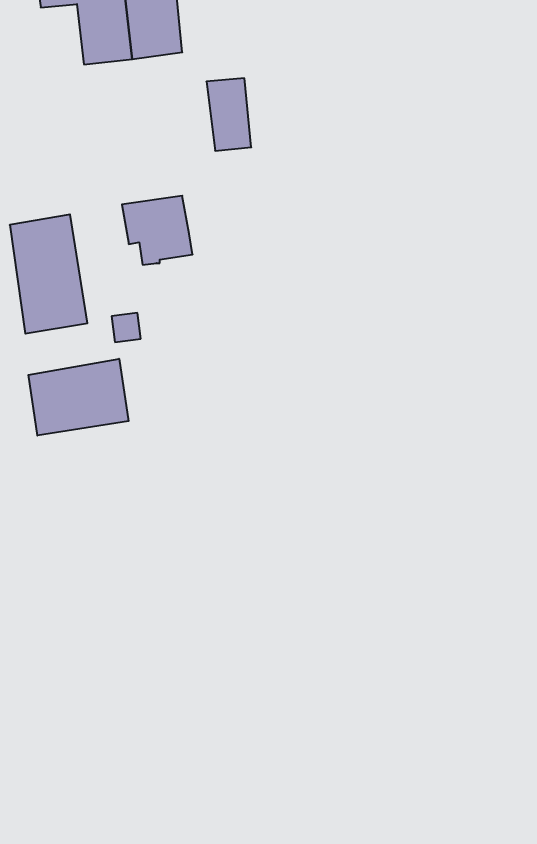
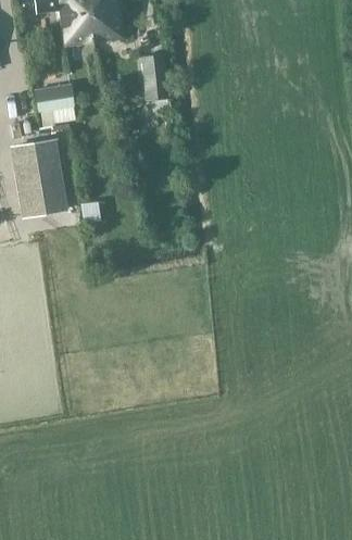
building: [122,196,193,265] -> [30,83,75,126]
building: [28,359,129,436] -> none

